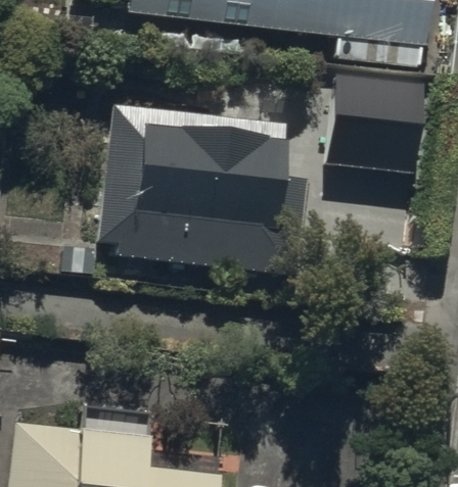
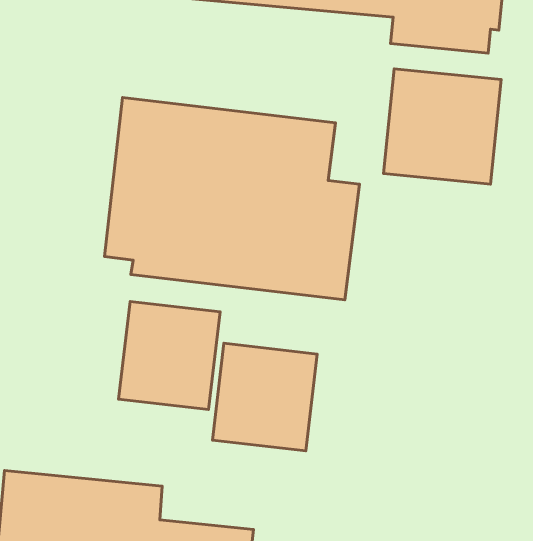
building: none -> [119,301,220,410]
building: none -> [212,343,317,451]

